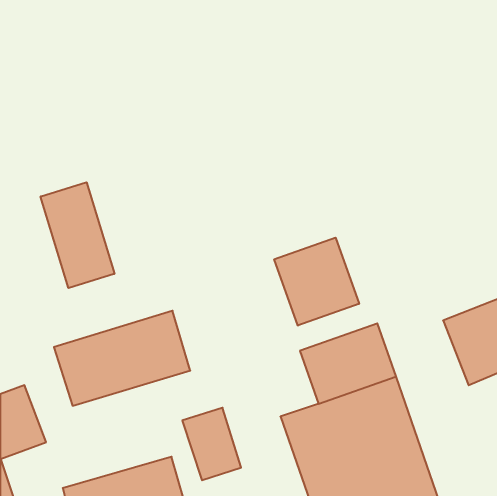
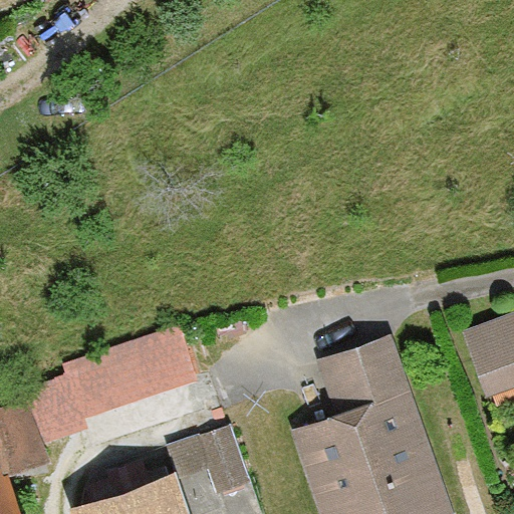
building: [41,182,114,288] -> none
building: [274,238,359,326] -> none

